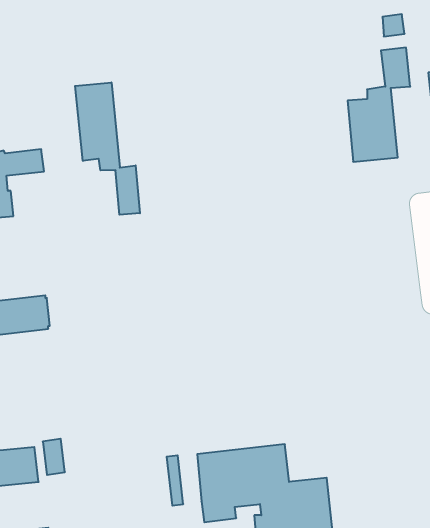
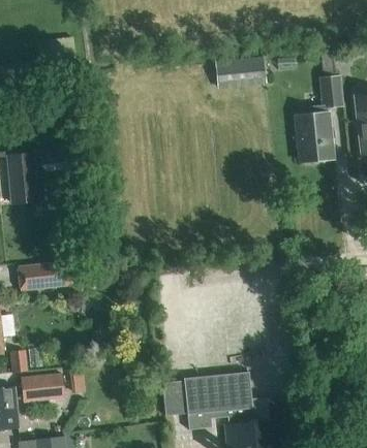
building: none -> [214,55,267,89]
building: [75,82,140,215] -> none

